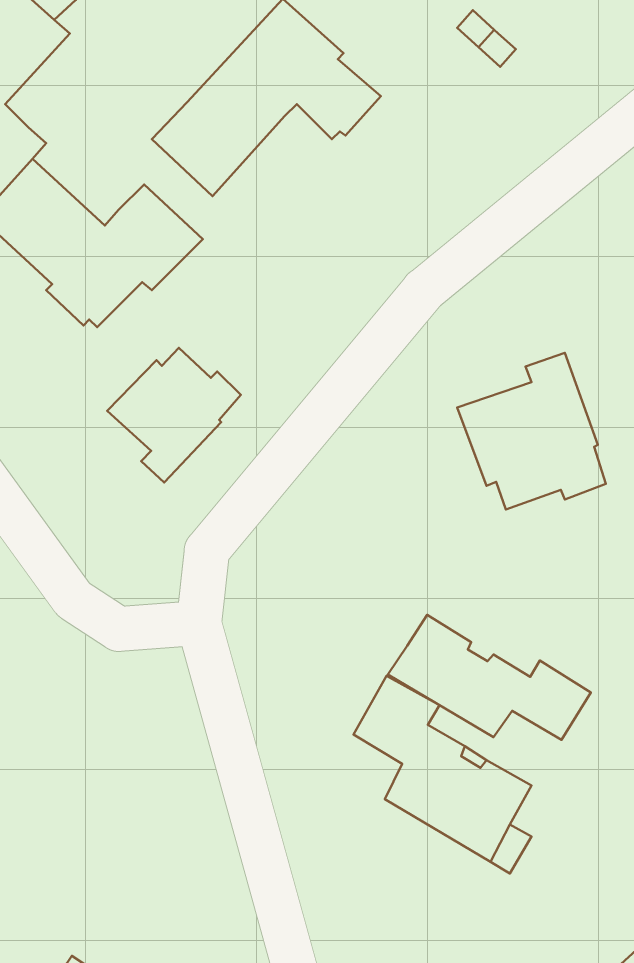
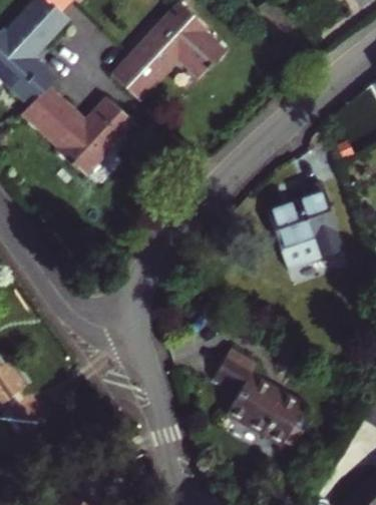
building: [107,348,241,482] -> none
building: [388,615,591,740] -> none

